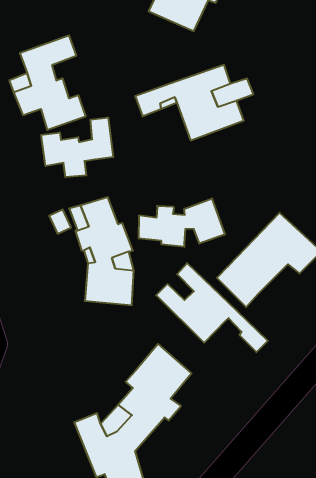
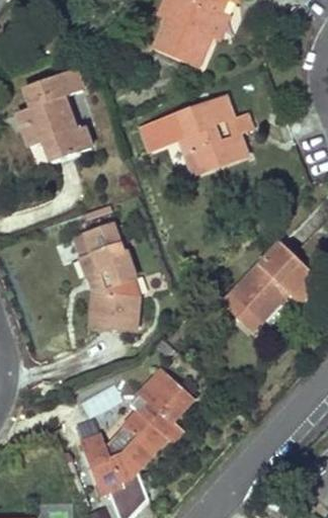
building: [41,117,113,177] -> none
building: [139,198,225,247] -> none
building: [156,263,268,352] -> none

